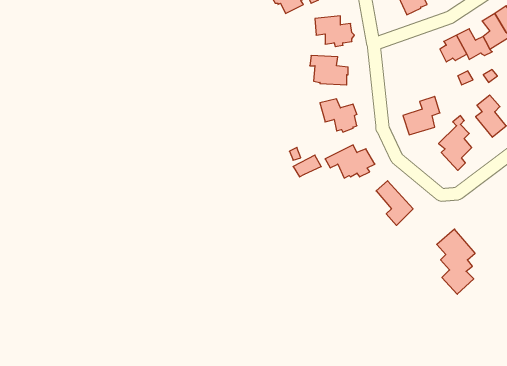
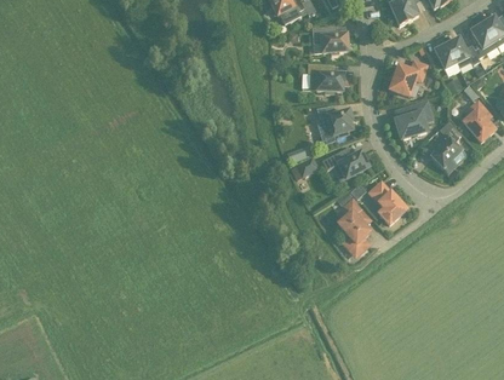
building: none -> [389,61,425,96]
building: [437,229,475,294] -> [334,197,371,259]

